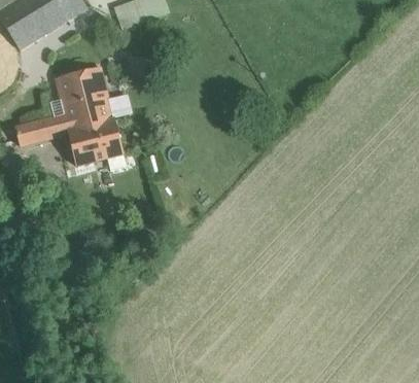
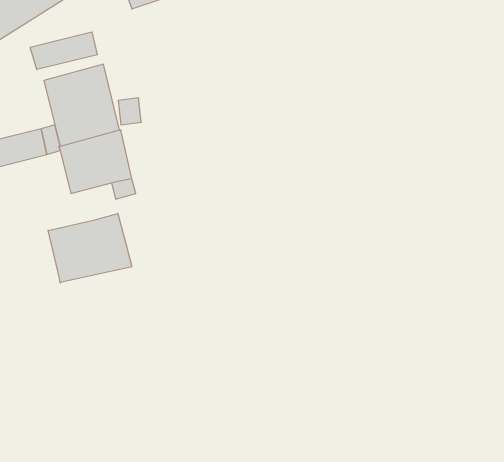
building: none -> [30,32,97,70]
building: none -> [48,213,132,283]

